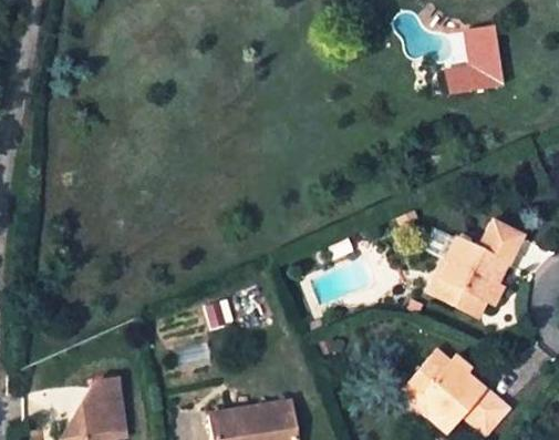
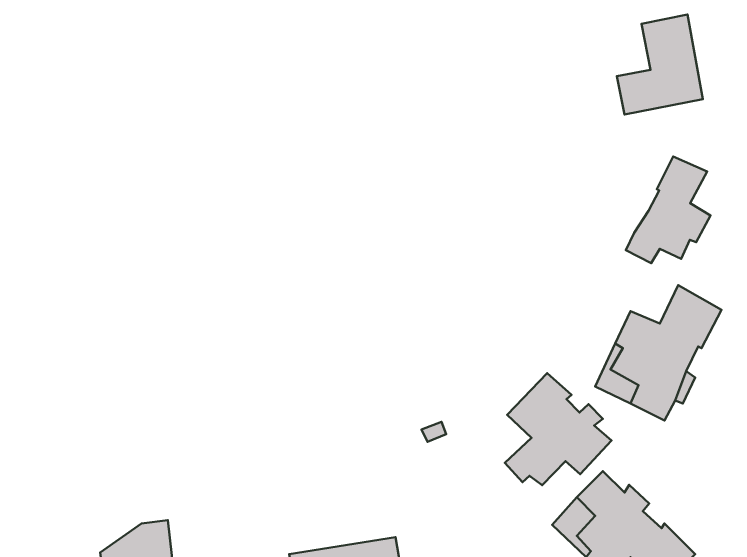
building: none -> [626,156,711,263]
building: none -> [505,373,611,485]

